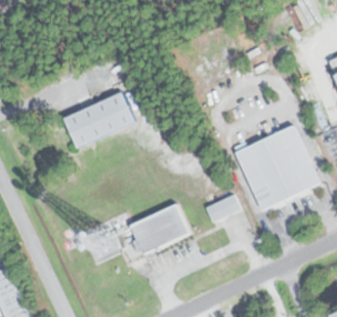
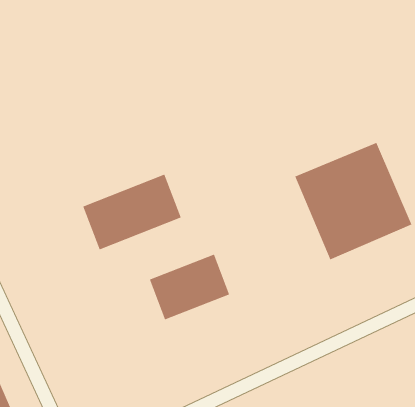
building: [64,91,135,147] -> [82,173,182,251]
building: [205,194,240,223] -> none

